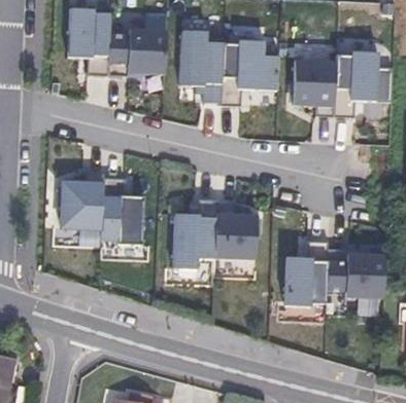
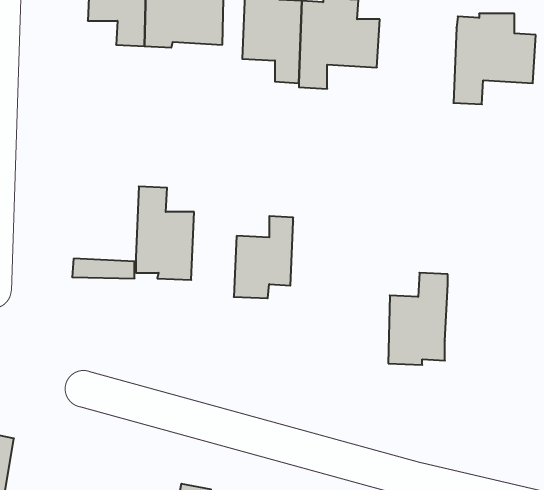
building: [293,59,335,115] -> none
building: [61,172,104,227] -> none
building: [214,202,258,258] -> none
building: [327,247,384,297] -> none

